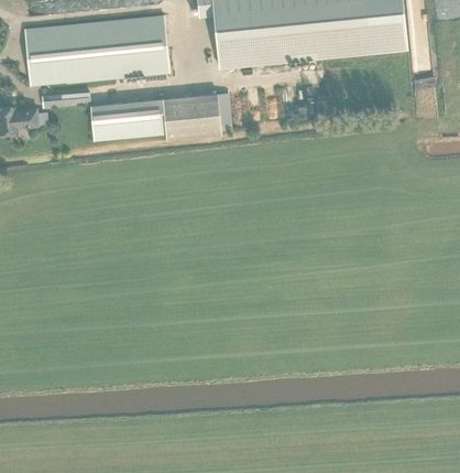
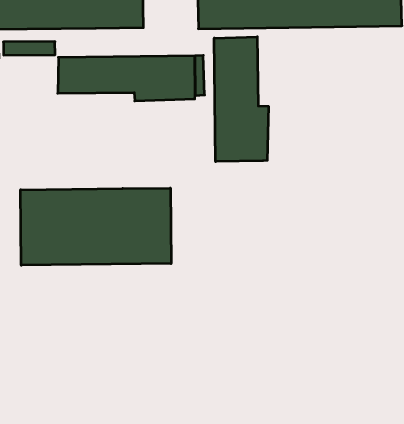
building: none -> [214,37,268,162]
building: none -> [21,188,171,265]

